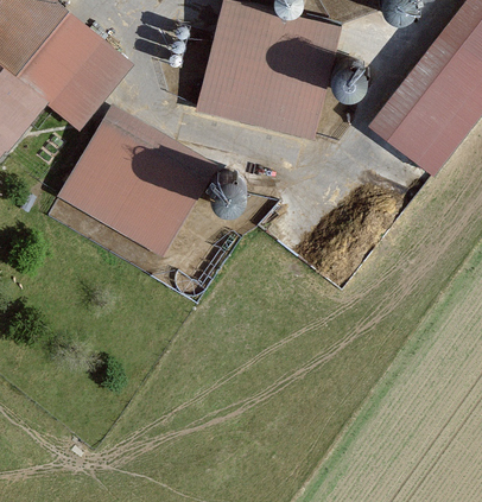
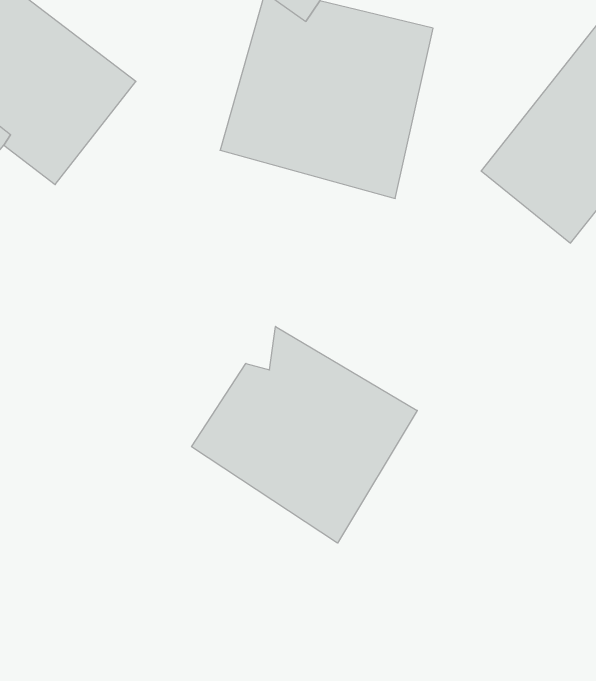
building: [51,100,213,258] -> none
building: none -> [192,326,417,543]

